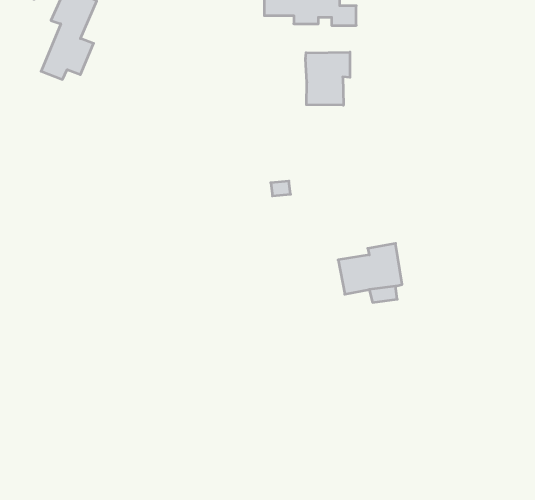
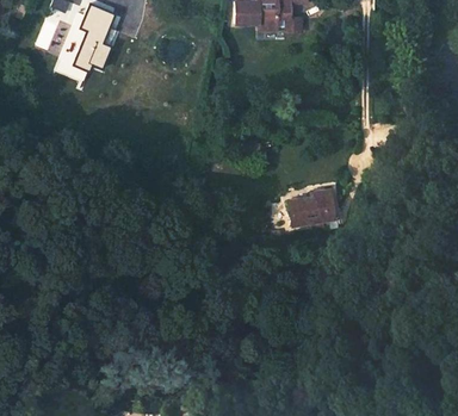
building: [306,52,350,105] -> none

